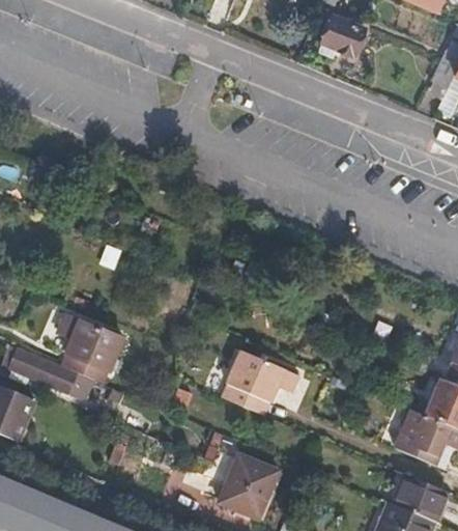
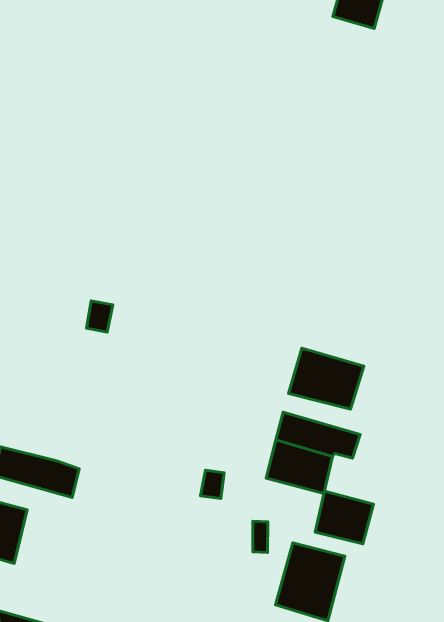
building: none -> [288,348,364,409]
building: [59,312,124,384] -> none
building: none -> [315,491,374,544]

